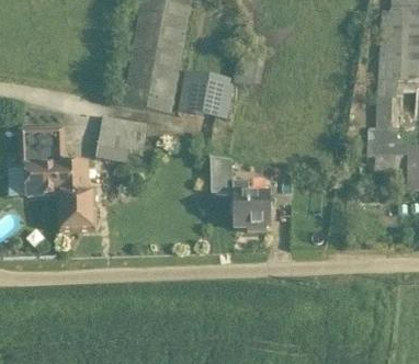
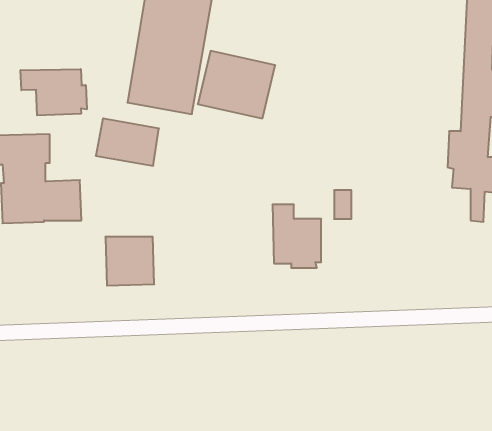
building: none -> [21,69,87,115]
building: [208,155,229,192] -> none
building: [58,194,95,231] -> [105,237,154,286]

